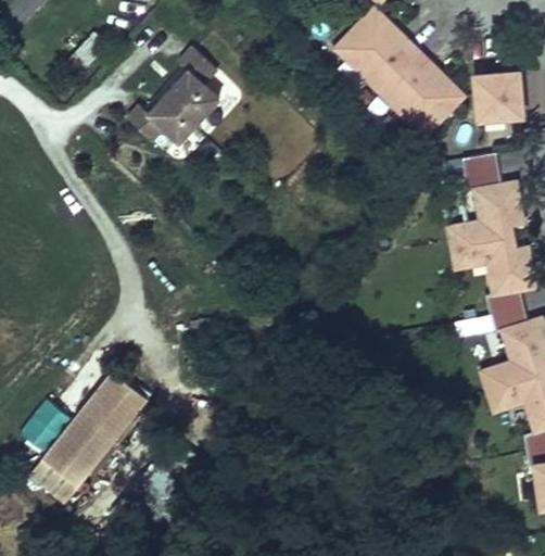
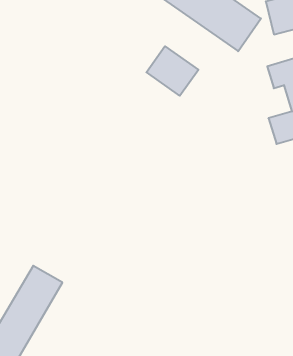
building: [128,48,220,143] -> none
building: none -> [146,46,198,96]

